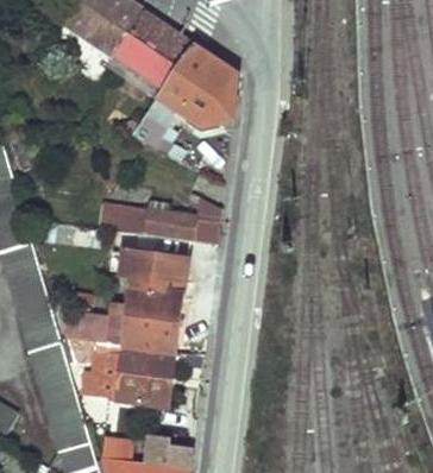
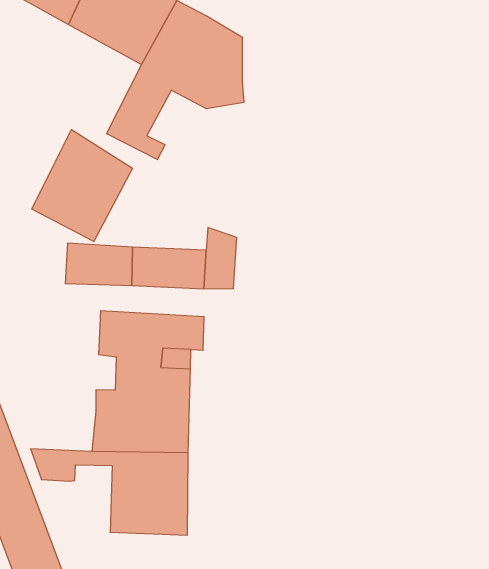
building: none -> [32,130,133,242]
building: [62,314,115,346] -> none
building: [83,354,124,402] -> none

